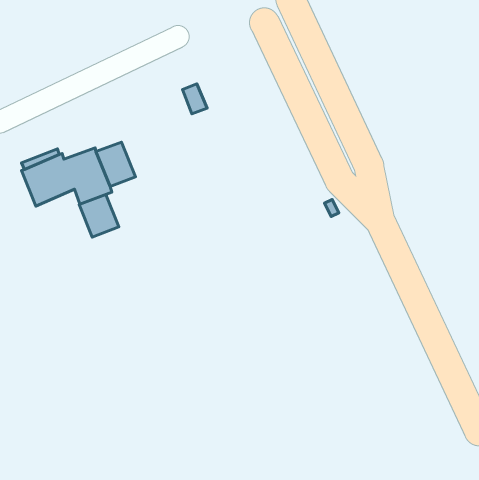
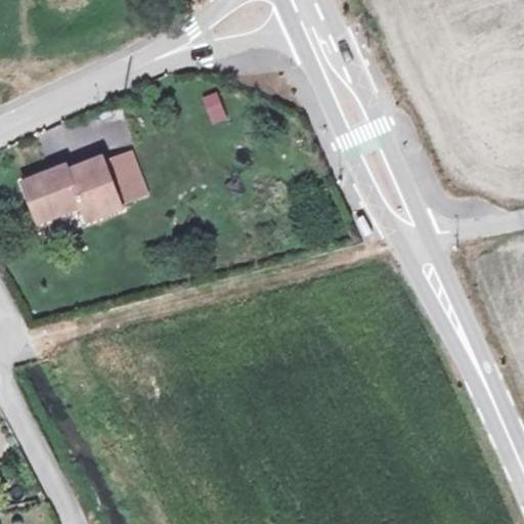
building: [79,194,119,237] -> none

